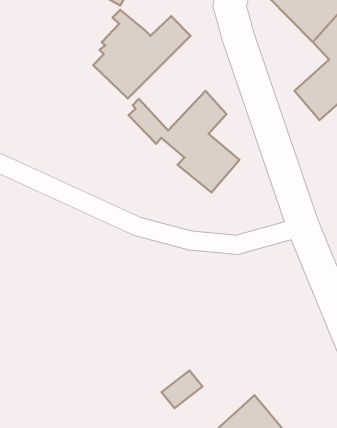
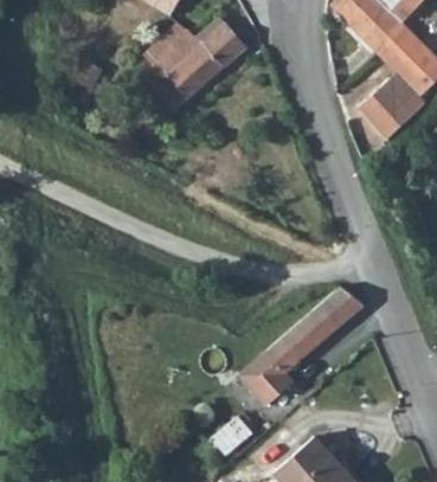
building: [128,91,240,193] -> none
building: none -> [253,285,362,383]

